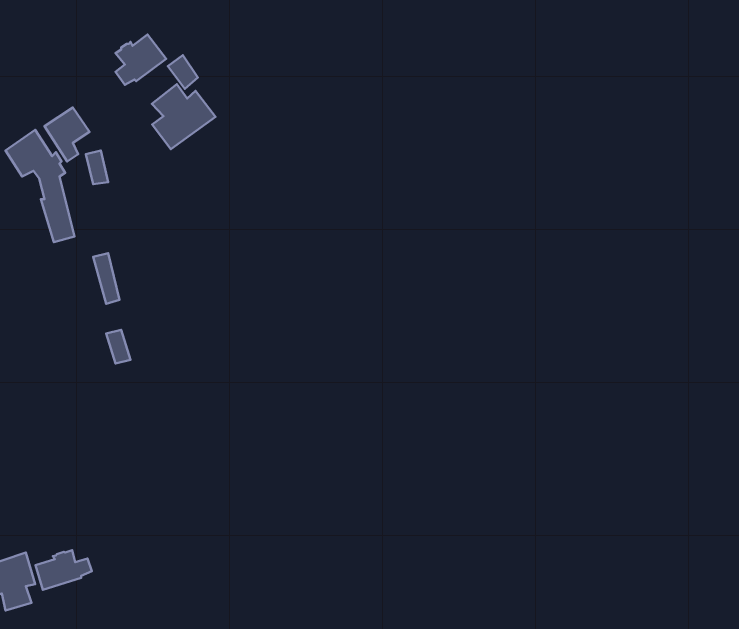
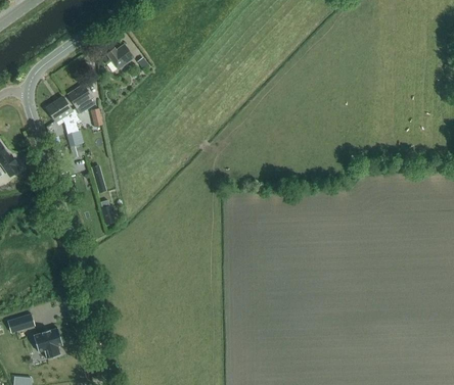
building: [152,84,215,149] -> none
building: [35,550,92,590] -> none

